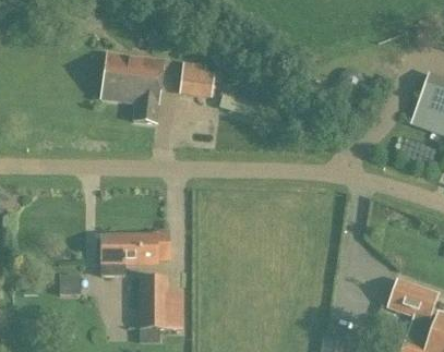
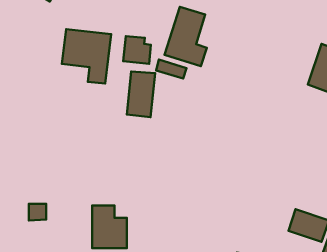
building: none -> [165,7,207,66]
building: none -> [127,72,155,117]
building: [101,229,169,275] -> none

